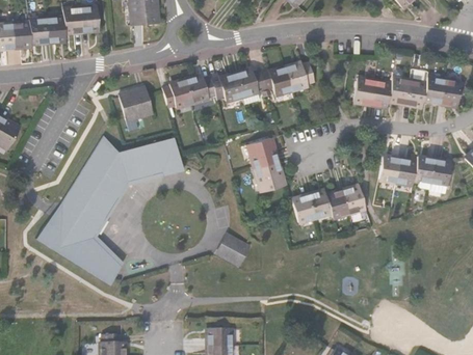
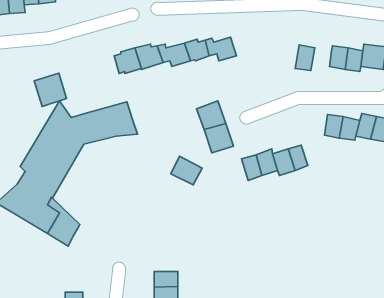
building: [283,60,317,87] -> none
building: [368,79,390,106] -> none
building: [115,84,150,119] -> [34,73,67,106]
building: [219,235,253,265] -> [171,156,202,185]

